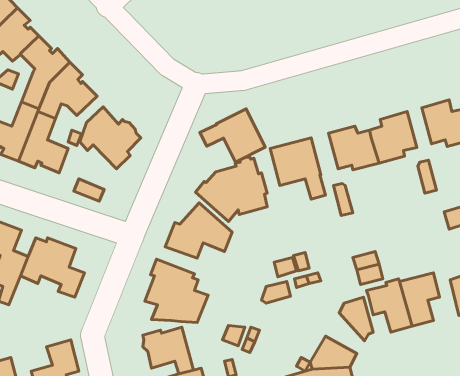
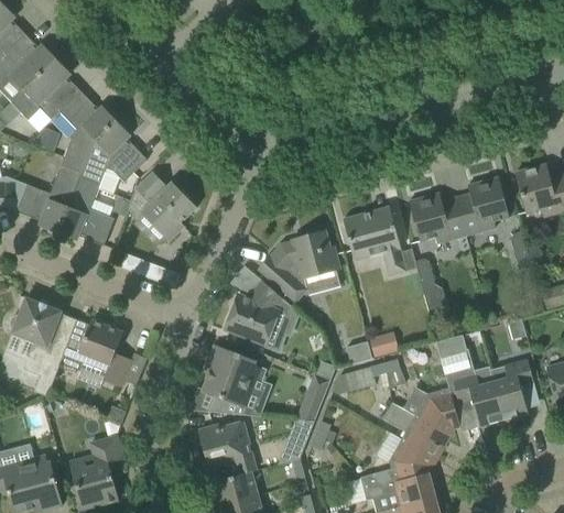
building: [200,109,265,162] -> none
building: none -> [295,373,329,421]
building: none -> [382,402,449,450]

